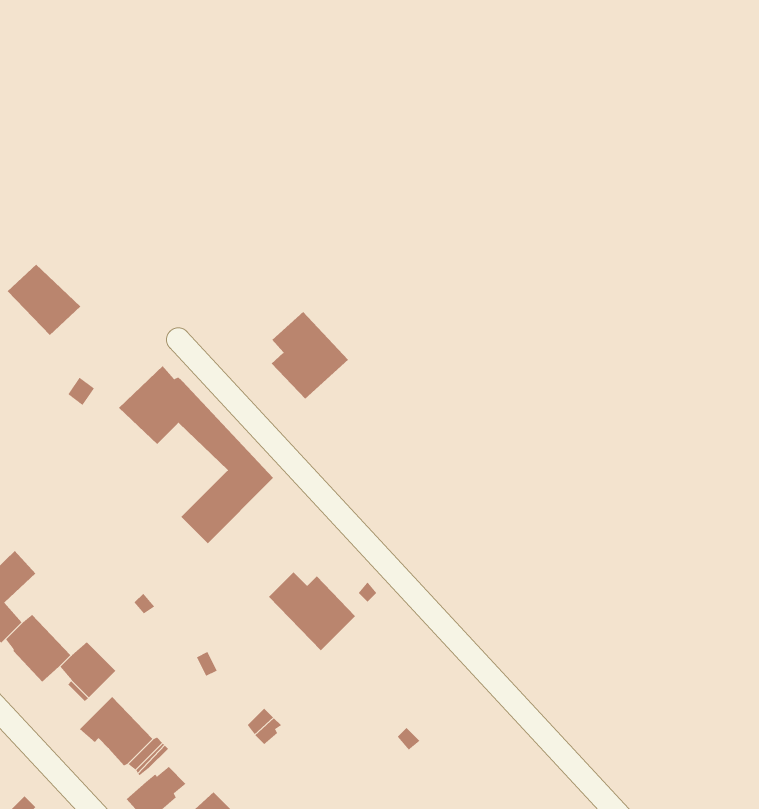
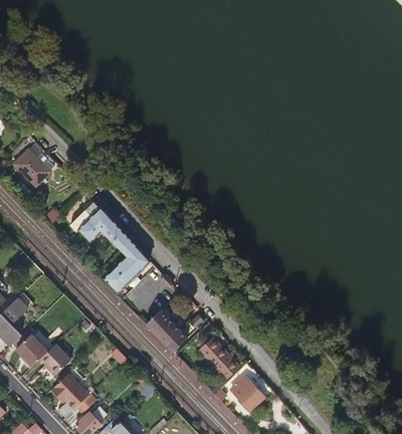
building: [271,311,349,399] -> none
building: none -> [199,333,238,379]
building: none -> [230,369,271,410]

